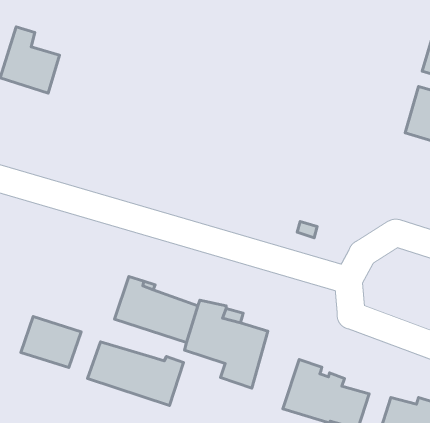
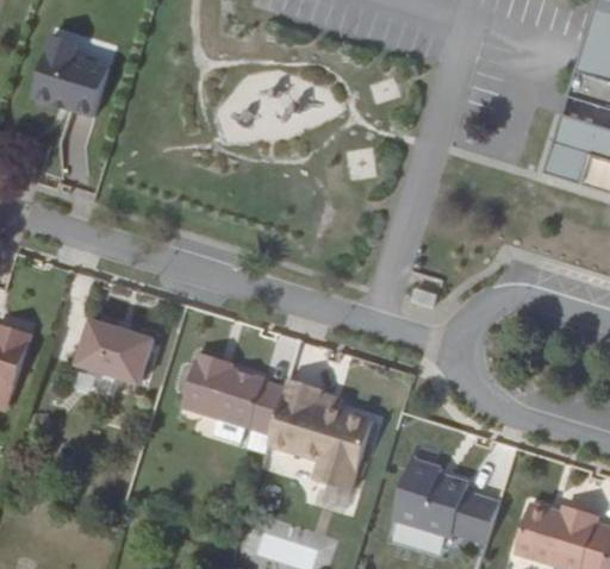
building: [21,317,81,368] -> [76,319,152,383]
building: [87,342,184,406] -> none

